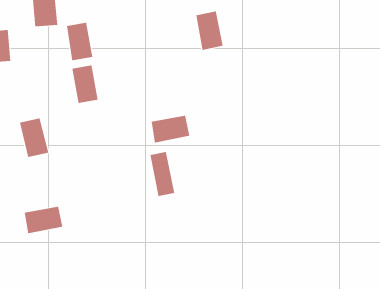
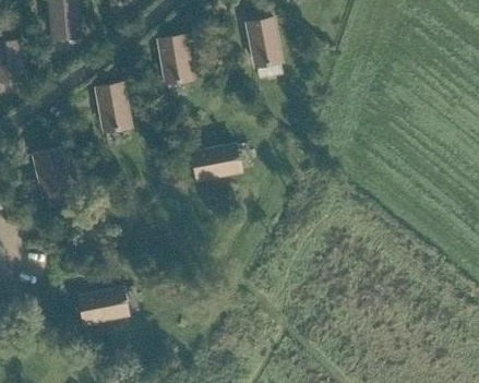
building: [66,22,93,61] -> [159,37,192,84]
building: [150,151,175,197] -> none
building: [24,206,63,234] -> [80,290,128,324]

